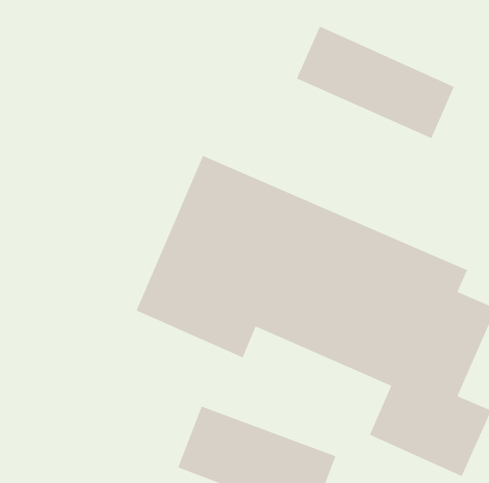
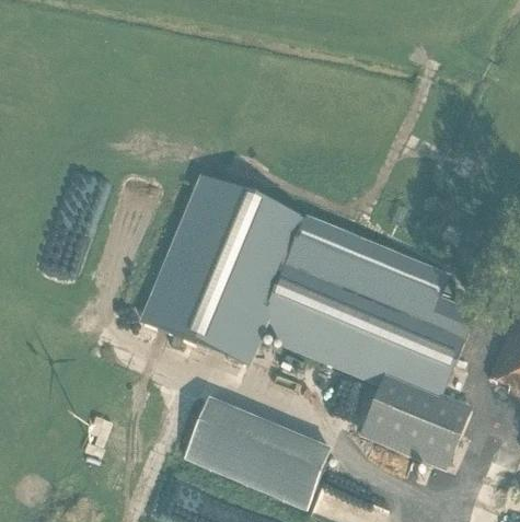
building: [296,25,455,139] -> none

